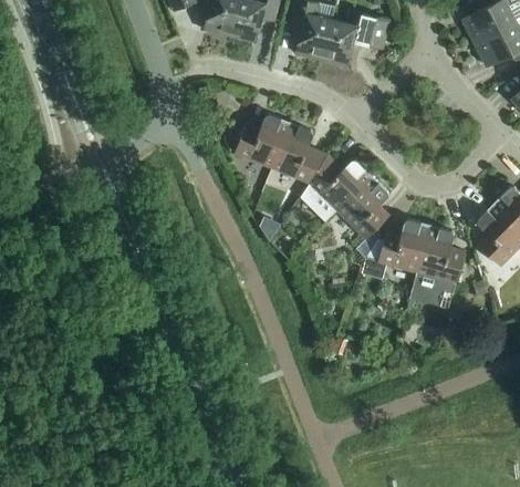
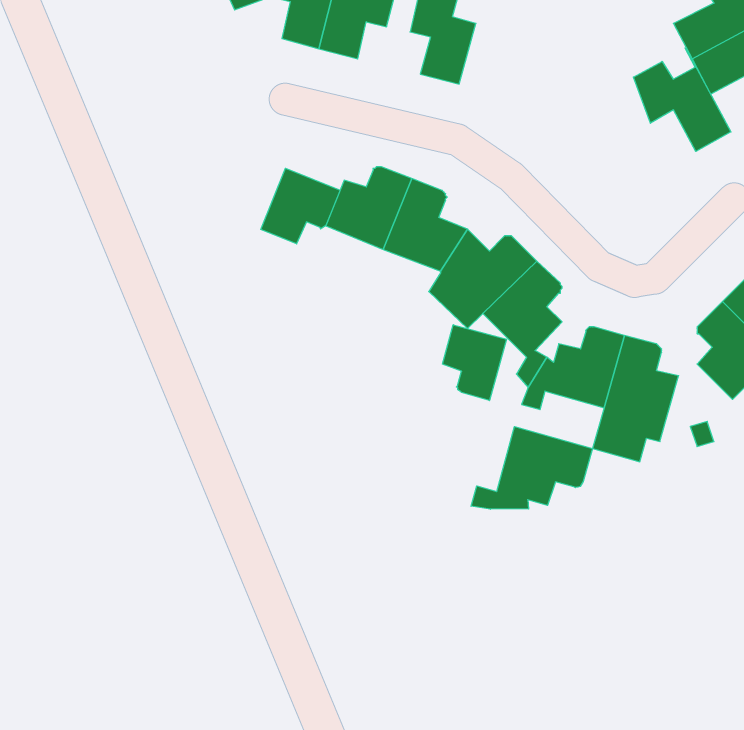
building: [321,11,389,66] -> none
building: none -> [633,48,731,151]
building: none -> [261,168,340,244]
building: none -> [442,325,507,401]
building: none -> [471,427,592,509]

